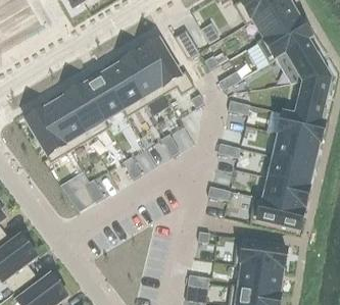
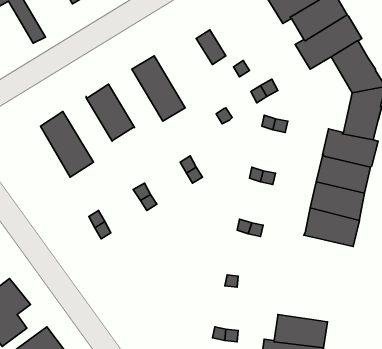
building: [139,37,194,92] -> none
building: [101,59,146,114] -> none
building: [63,83,108,136] -> none
building: [25,106,69,159] -> none
building: [249,192,303,227] -> none
building: [233,238,286,267] -> none

